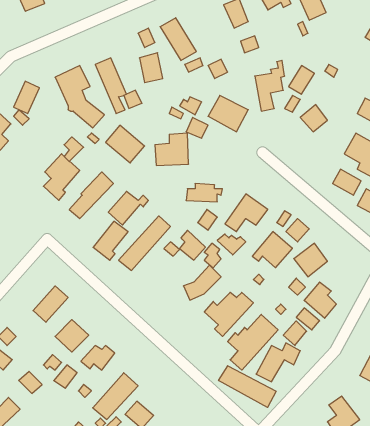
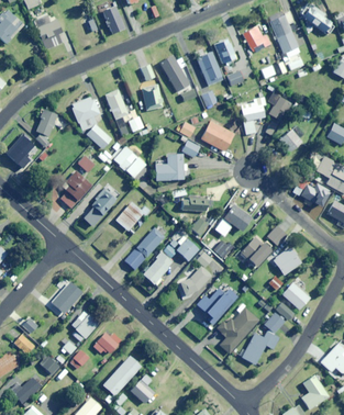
building: none -> [196,52,223,85]
building: [93,221,128,260] -> [143,253,173,285]
building: [219,366,276,407] -> none

